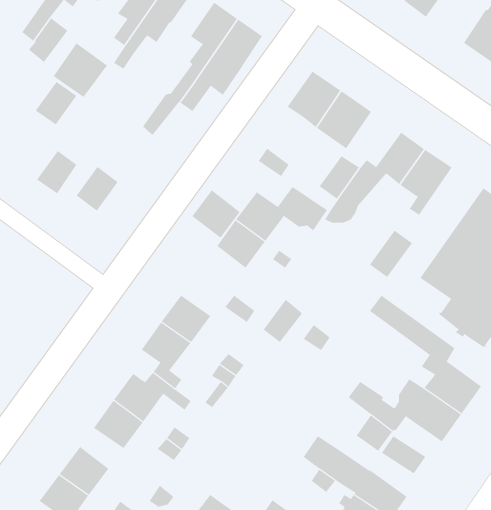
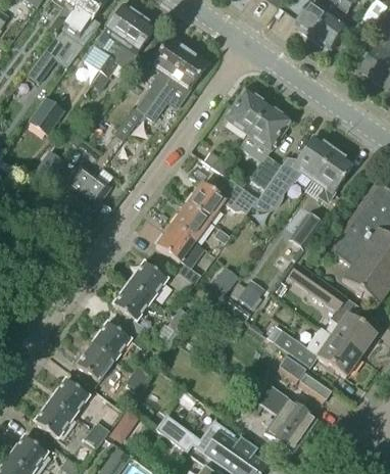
building: [53,43,108,98] -> none
building: none -> [80,176,111,209]
building: [192,189,241,239] -> [156,225,194,263]

